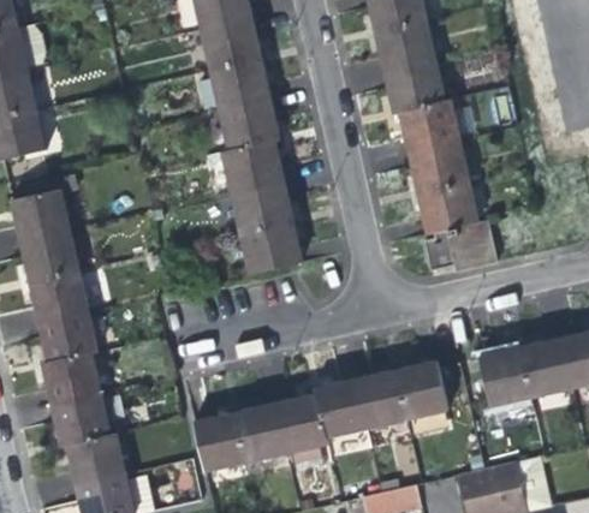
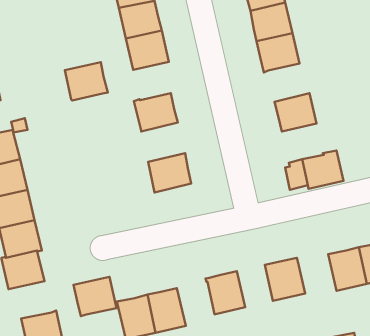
building: [219,99,276,150] -> [65,62,108,101]
building: [400,101,456,153] -> none
building: [230,180,288,233] -> none
building: [418,181,475,234] -> none
building: [358,371,406,428] -> none
building: [52,393,109,446] -> [74,277,117,316]
building: [278,394,332,453] -> none

